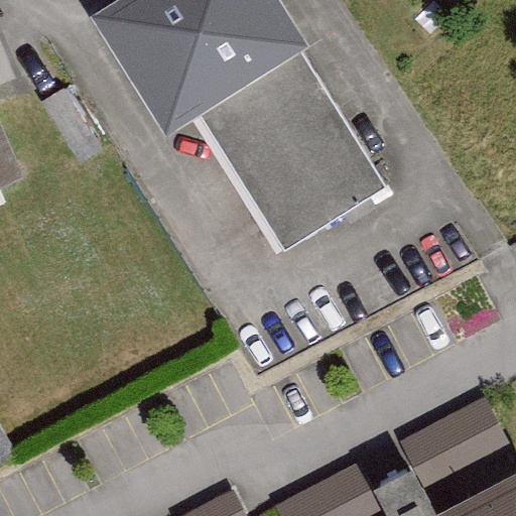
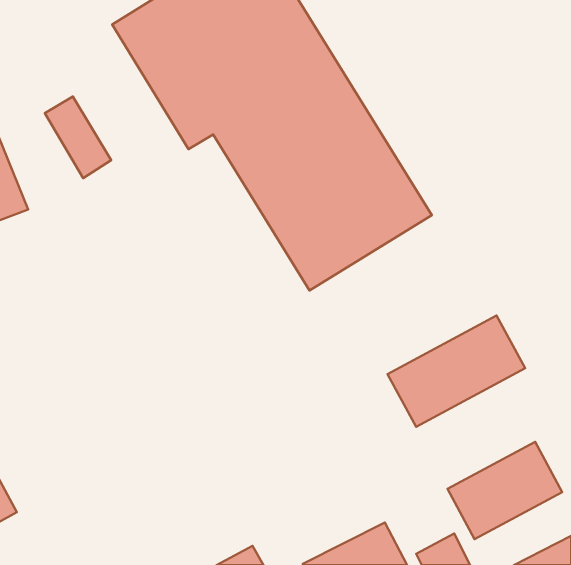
building: none -> [388,316,525,427]

